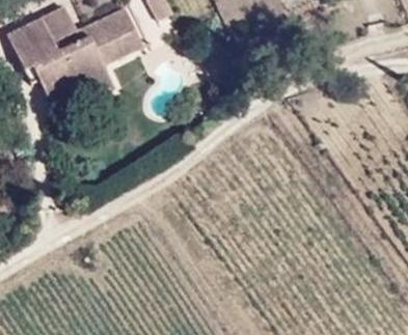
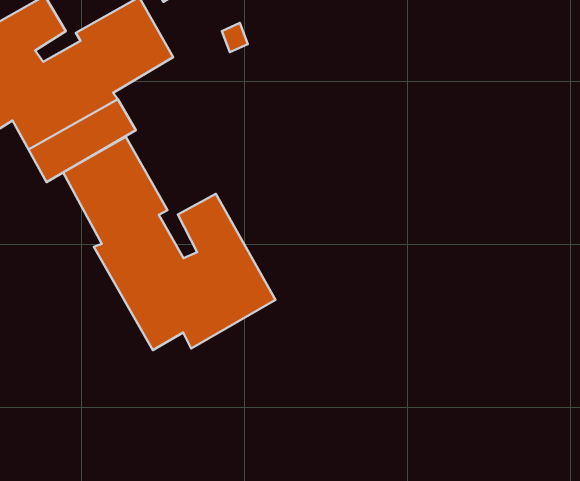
building: none -> [63,137,276,350]

